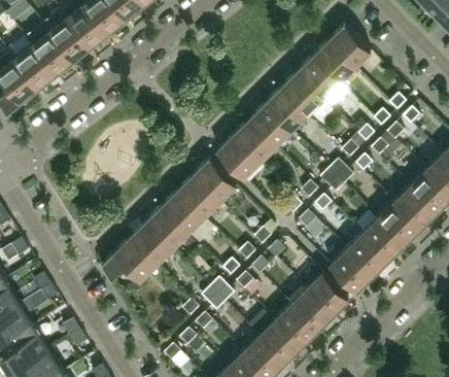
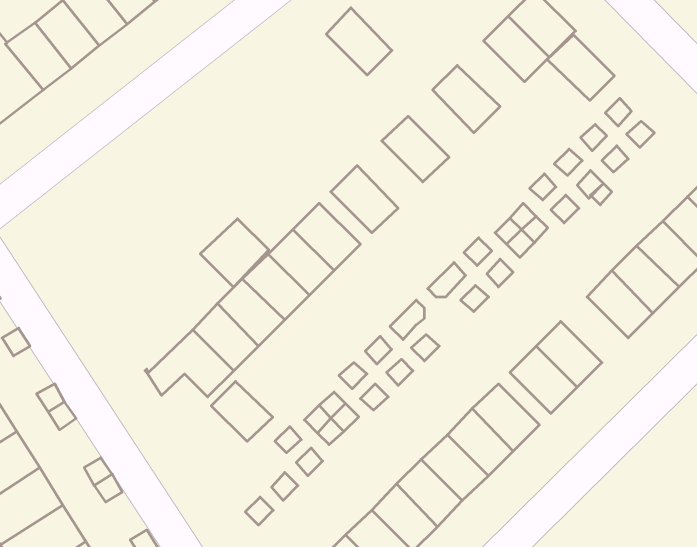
building: [297,58,339,99] -> [547,35,614,100]
building: [266,89,307,131] -> [326,8,392,75]
building: [234,121,275,163] -> none
building: none -> [200,219,269,287]
building: [361,218,404,260] -> none
building: none -> [211,381,273,441]

